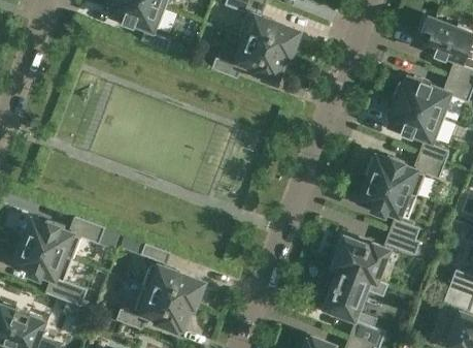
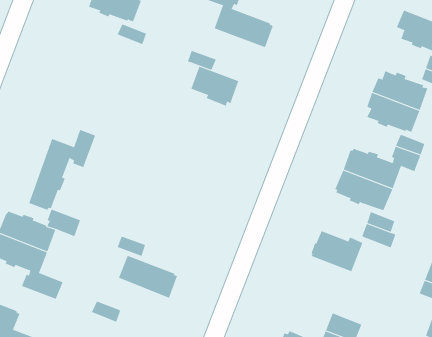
building: [237,35,290,78] -> [191,63,243,106]
building: none -> [28,129,96,210]
building: [324,263,388,317] -> none
building: [134,285,194,329] -> none

